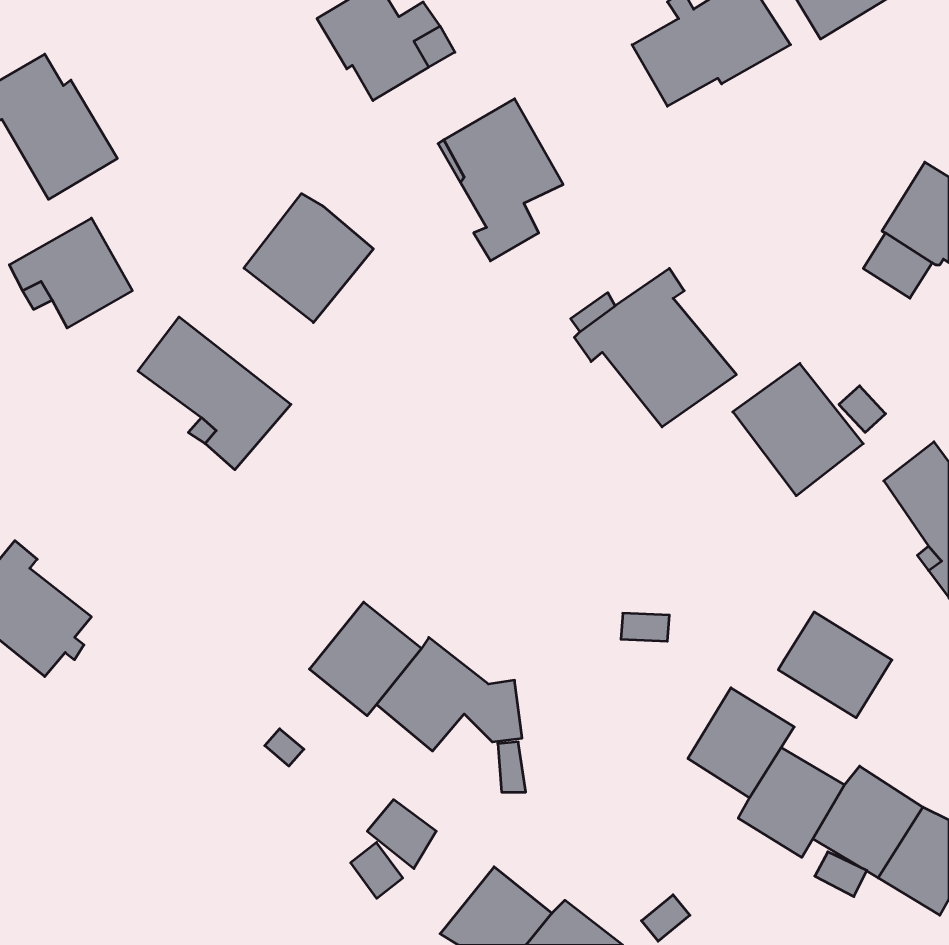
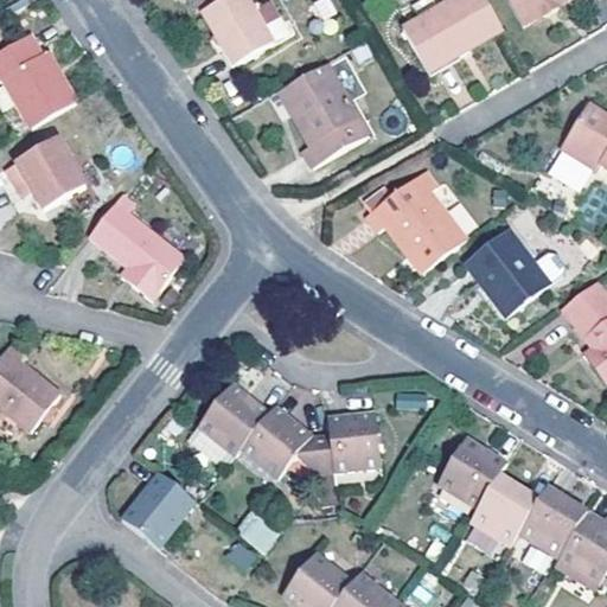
building: [244,194,373,323] -> none
building: [778,612,892,718] -> none
building: none -> [327,413,379,469]
building: none -> [121,472,194,548]

